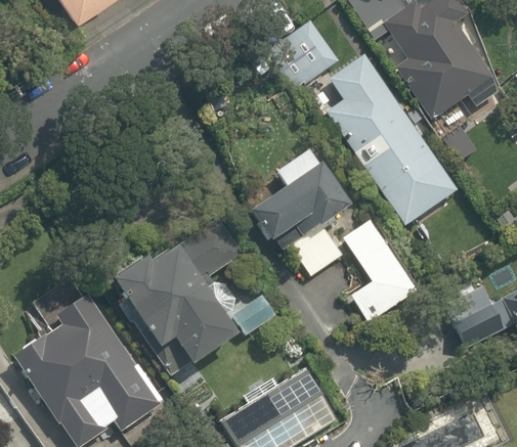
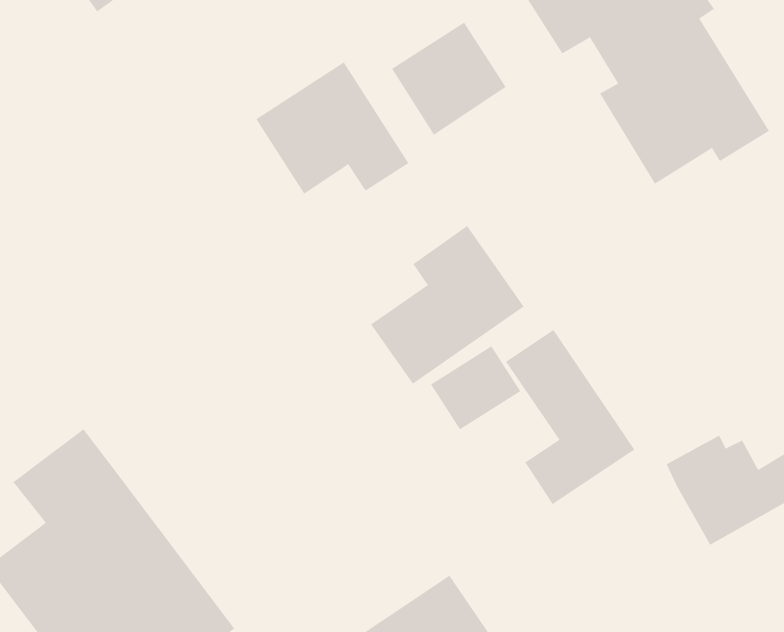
building: none -> [255,62,409,195]
building: [324,52,458,227] -> none
building: [115,231,278,377] -> none

